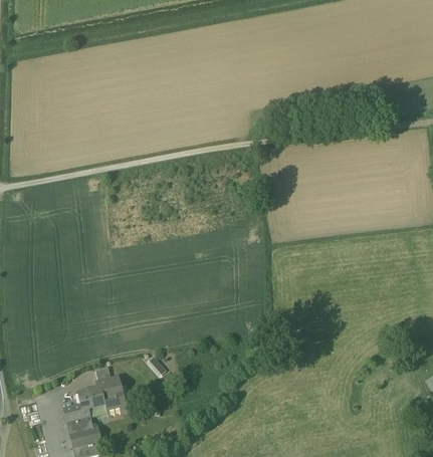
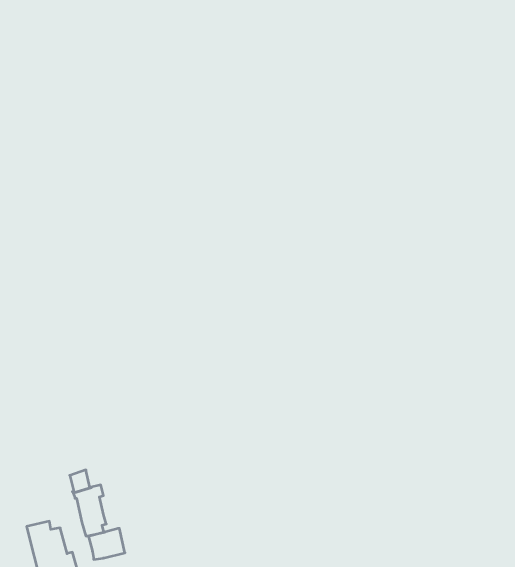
building: [77,388,104,411] -> [88,528,125,559]

